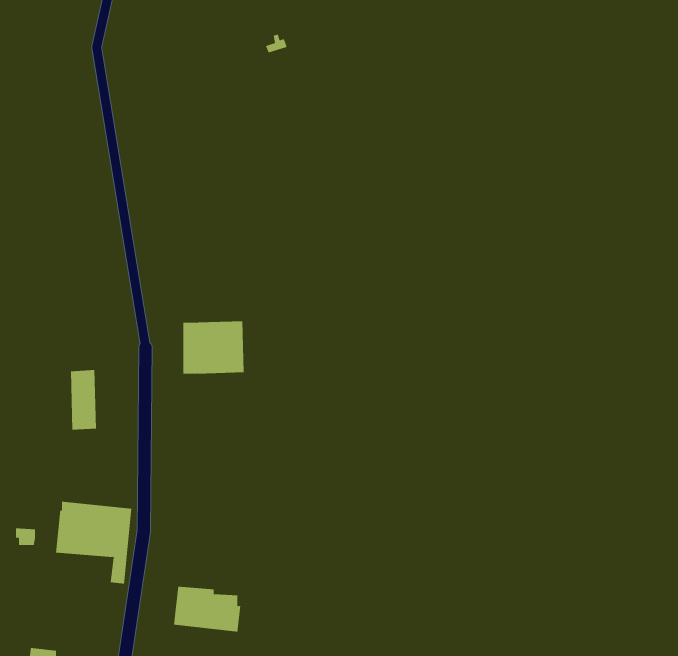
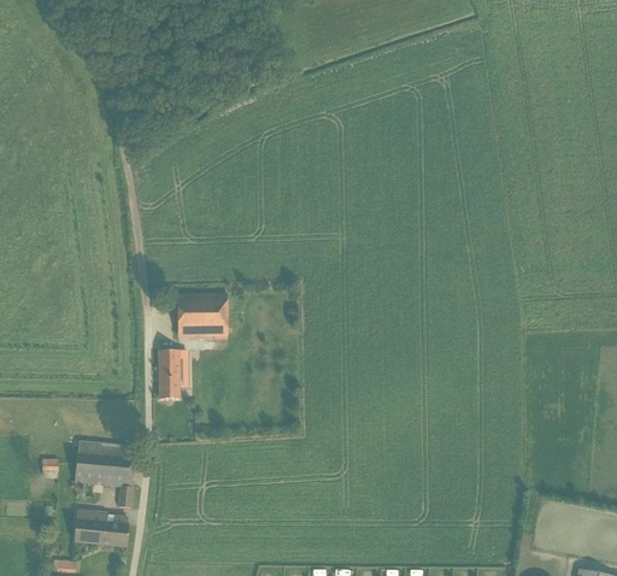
building: [70,370,97,430] -> [158,349,180,399]
building: [173,586,241,632] -> [74,509,129,546]

